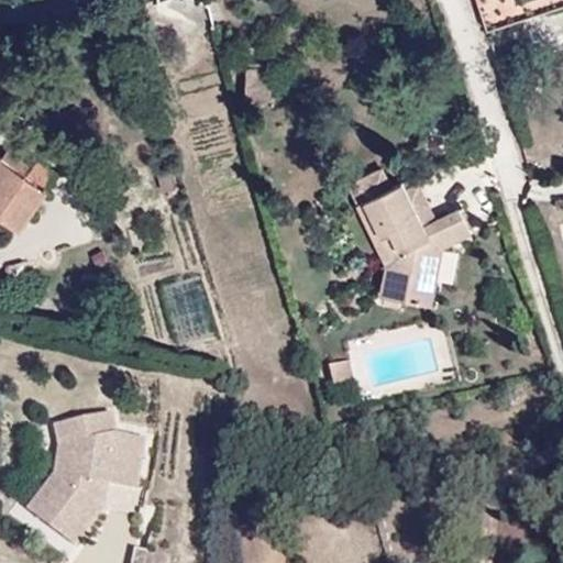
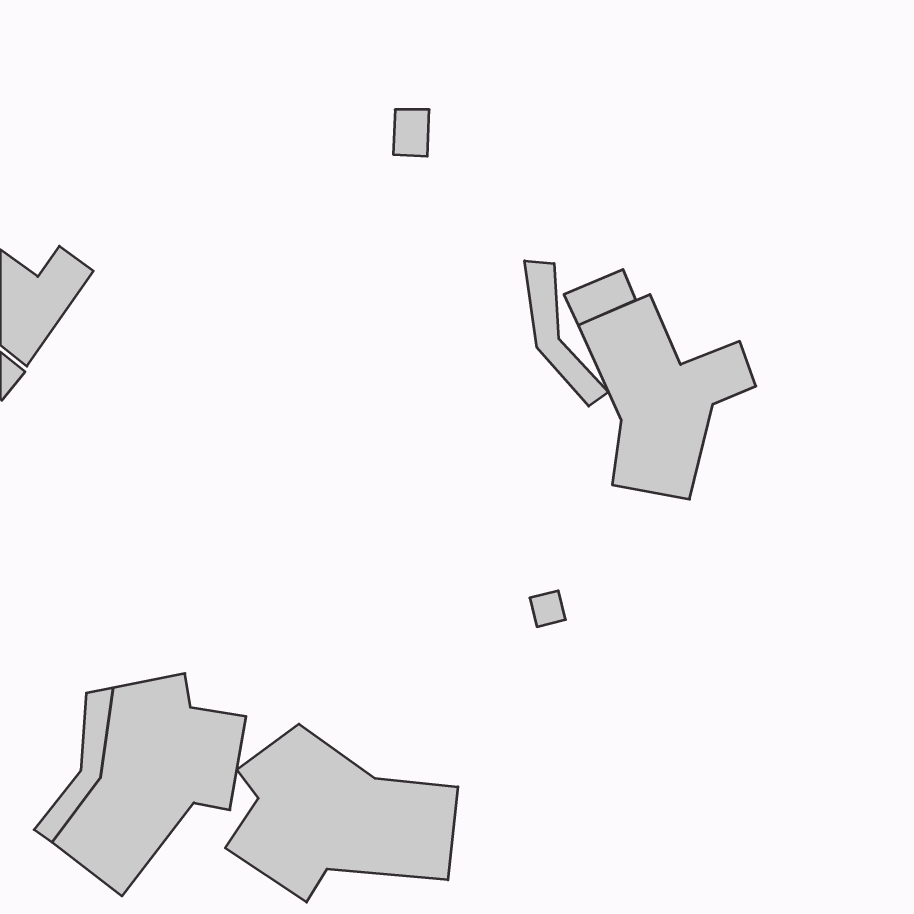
building: none -> [525,261,609,406]
building: none -> [225,724,458,902]

